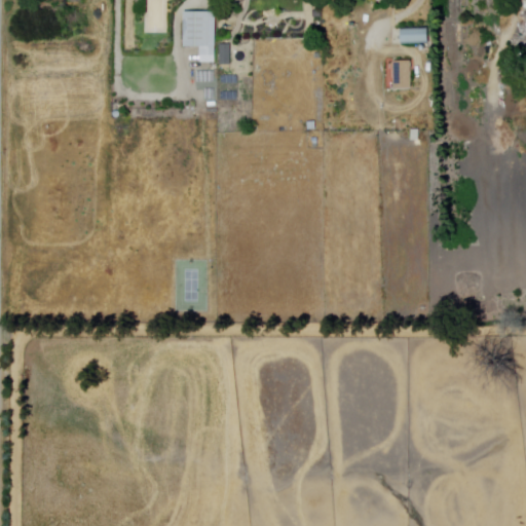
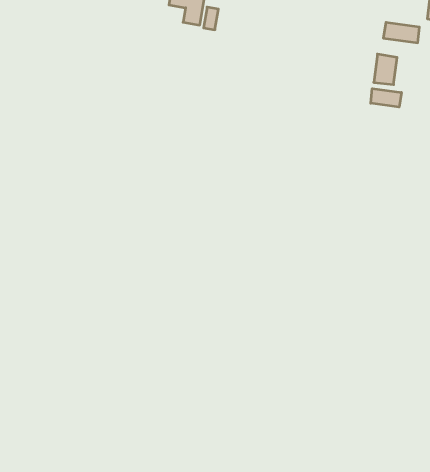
building: none -> [371,89,401,107]

